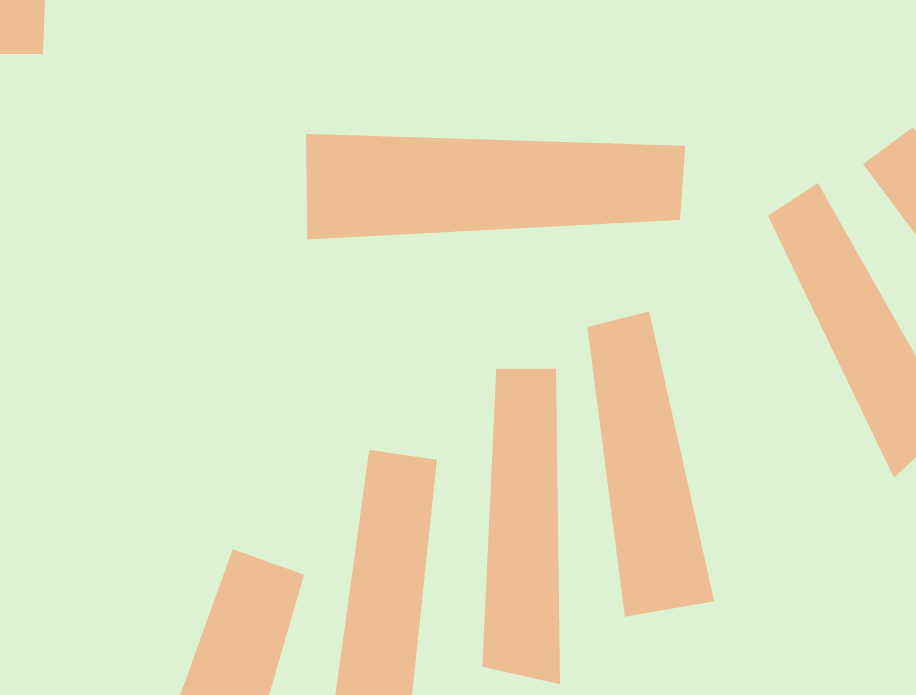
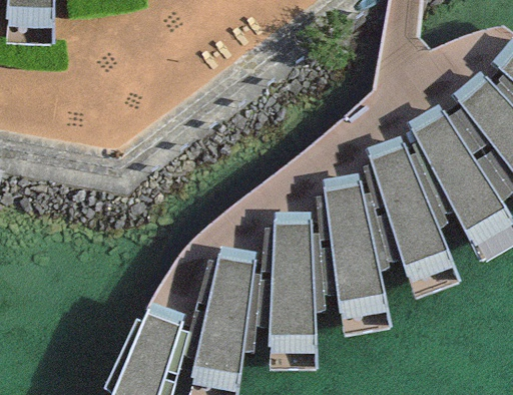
building: [305,133,686,240] -> none
building: none -> [371,131,457,288]

